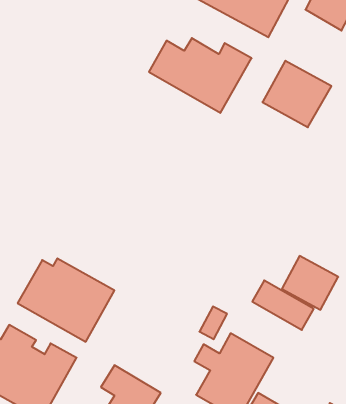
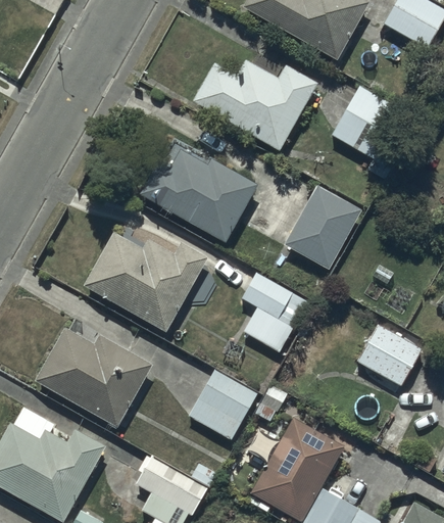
building: none -> [139,149,258,241]
building: none -> [285,185,362,270]
building: none -> [83,230,208,331]
building: [252,280,314,330] -> [241,272,315,332]
building: none -> [189,369,257,440]

